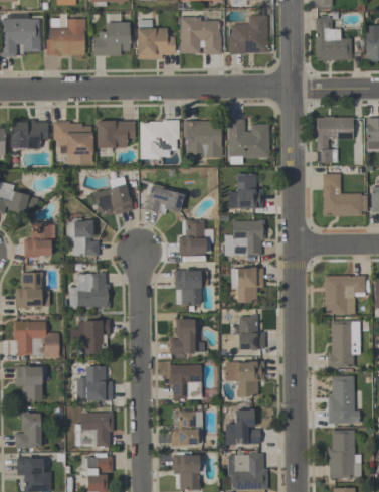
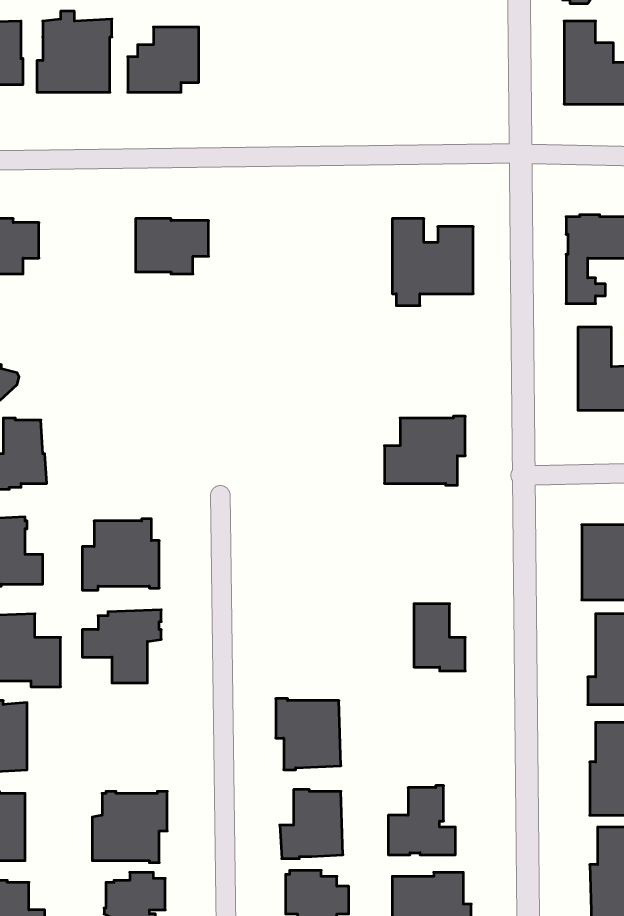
building: [229,15,268,53] -> none
building: [180,17,221,53] -> none
building: [137,19,175,58] -> none
building: [140,119,179,158] -> none
building: [53,120,93,163] -> none
building: [183,120,222,156] -> none
building: [228,173,263,207] -> none
building: [93,175,133,214] -> none
building: [145,184,184,213] -> none
building: [67,217,99,255] -> none
building: [179,218,206,255] -> none
building: [231,266,263,301] -> none
building: [175,268,208,304] -> none
building: [170,317,205,353] -> none
building: [226,360,264,395] -> none
building: [76,365,112,399] -> none

